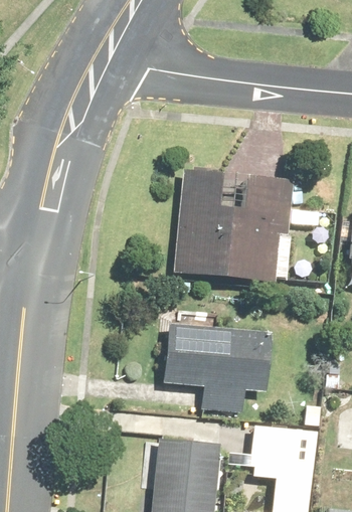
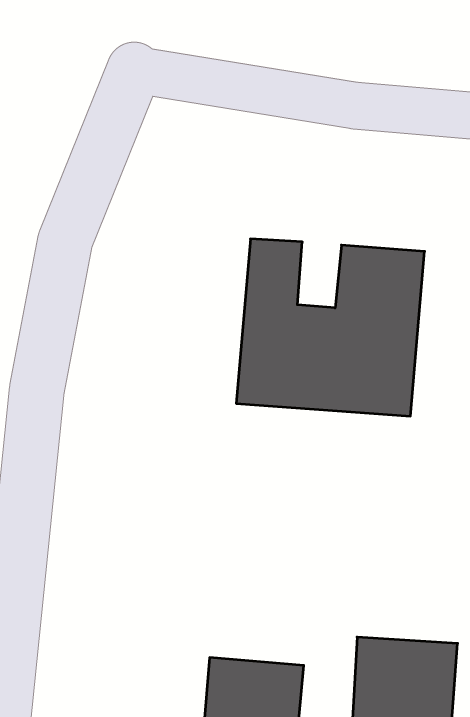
building: [159,325,269,414] -> none

